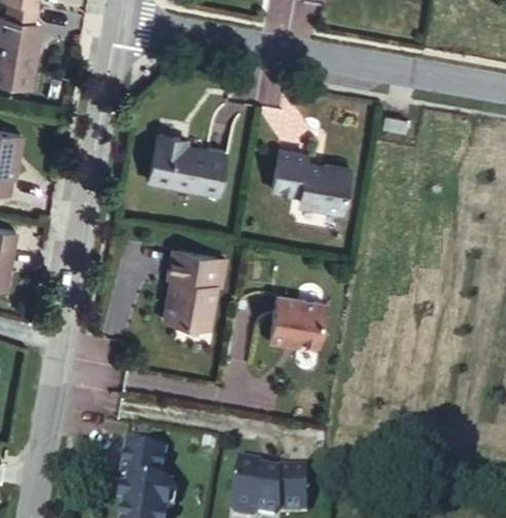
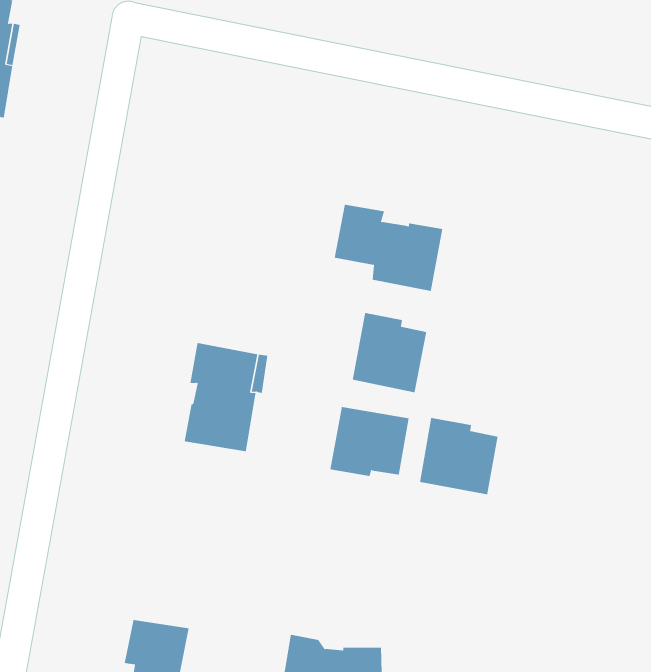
building: [146,136,224,196] -> none
building: none -> [352,312,427,393]
building: none -> [420,417,498,495]

